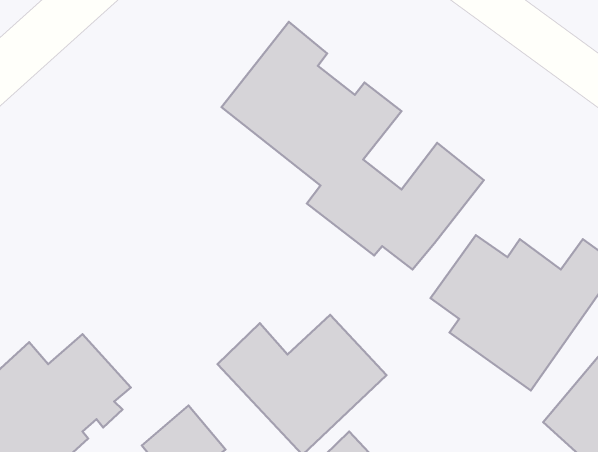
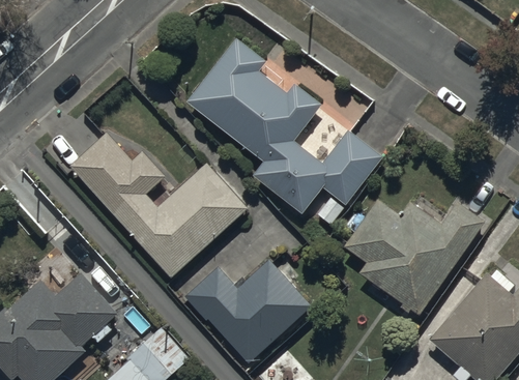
building: none -> [70,134,249,279]

